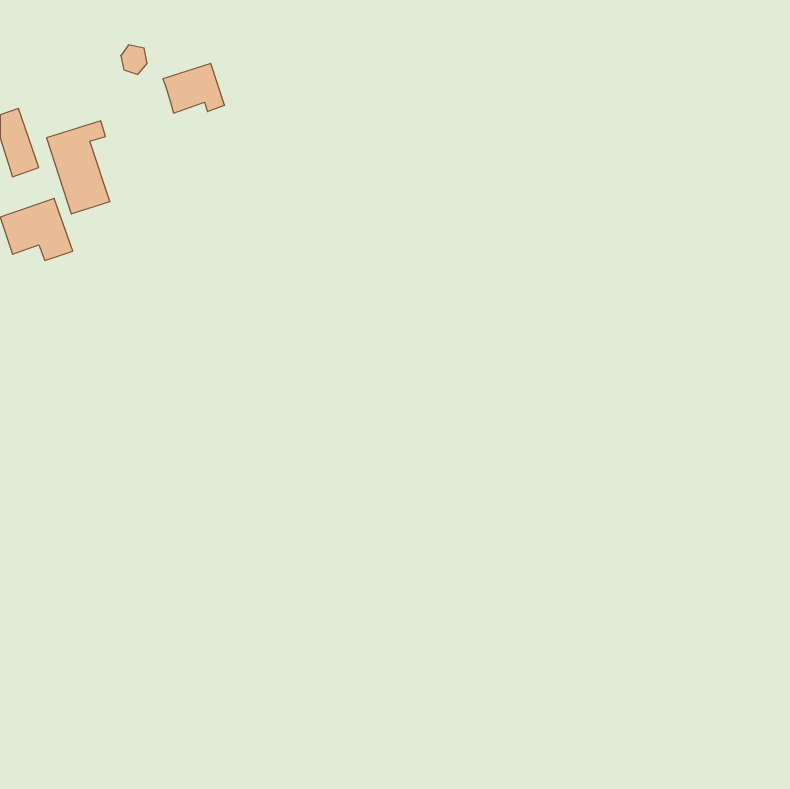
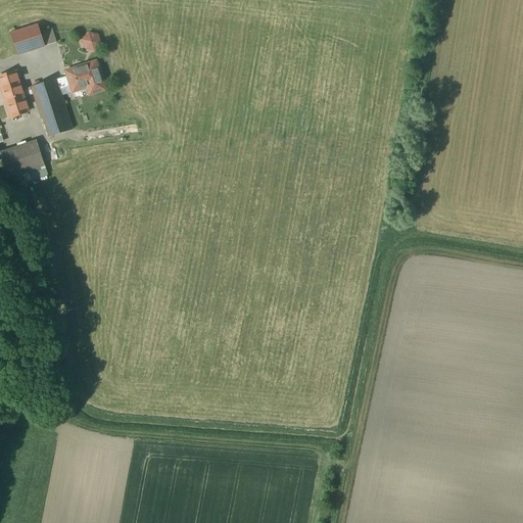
building: none -> [8,23,54,54]
building: [163,63,225,113] -> [65,64,106,97]

